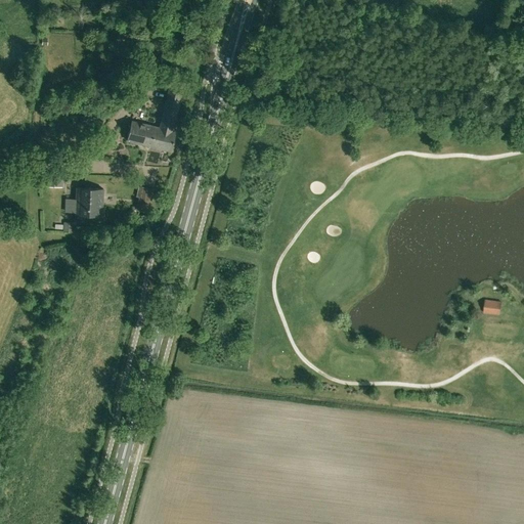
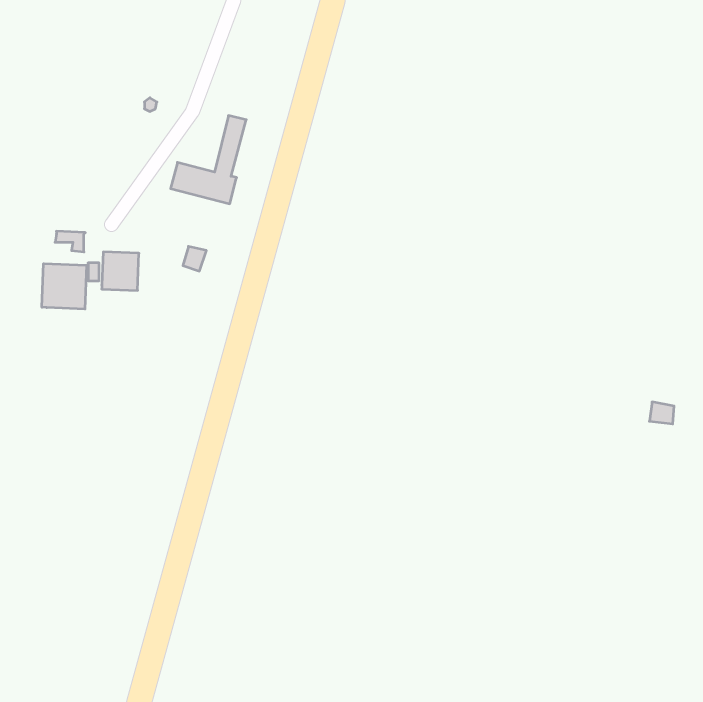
building: none -> [42,264,87,309]

